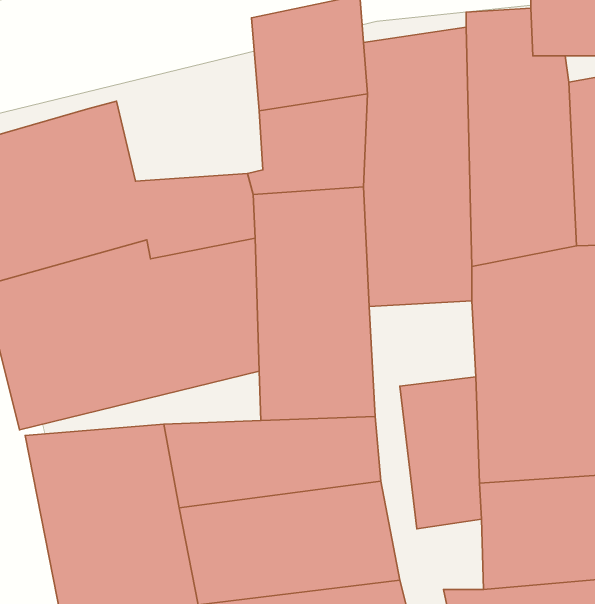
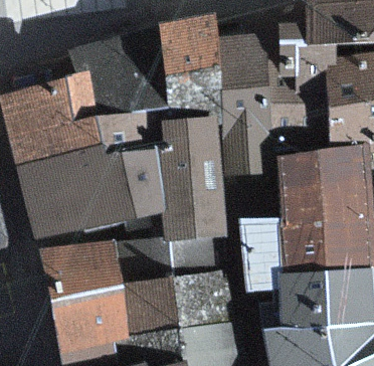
building: none -> [69,25,166,112]

